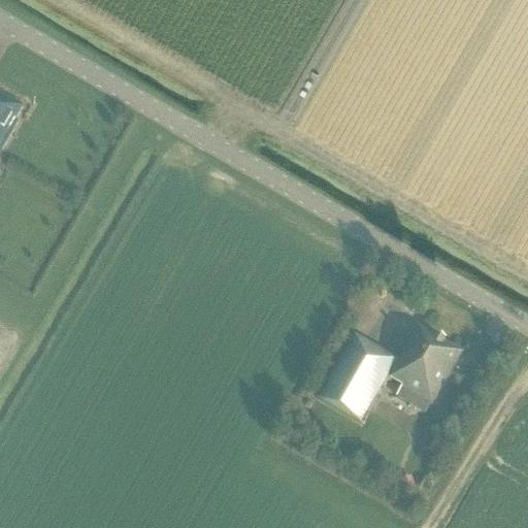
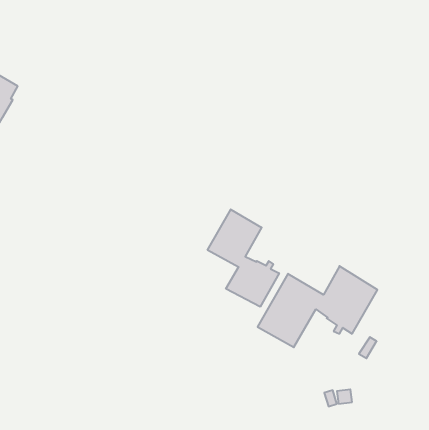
building: none -> [208,209,279,307]

